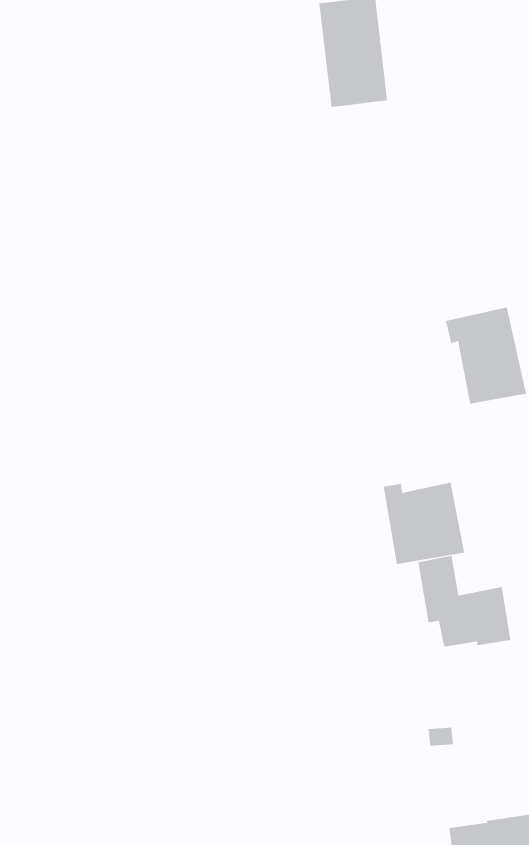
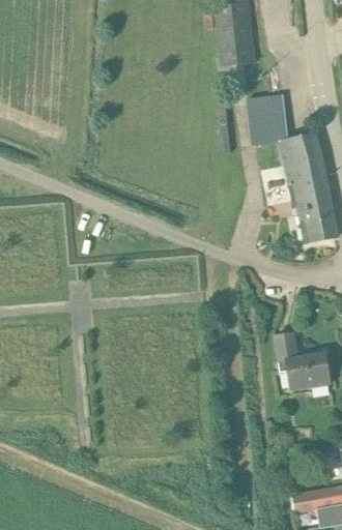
building: none -> [247,96,326,194]
building: [383,482,465,565] -> none

